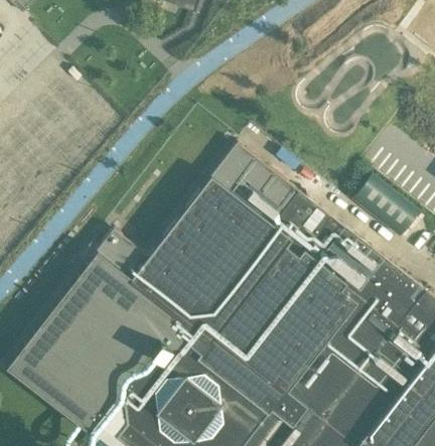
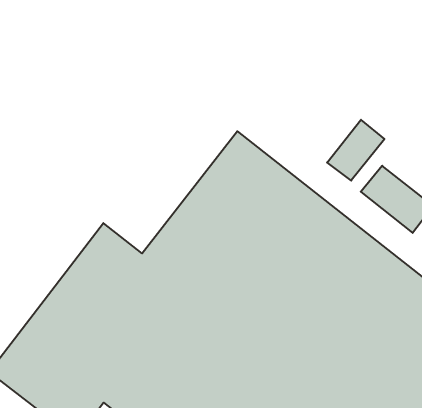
building: none -> [327,120,384,181]

